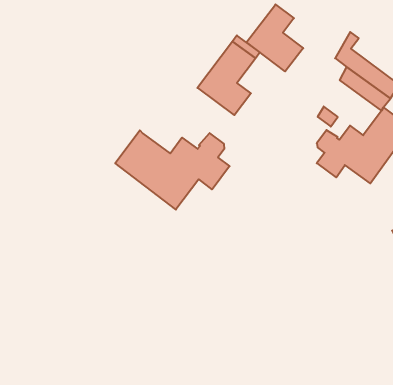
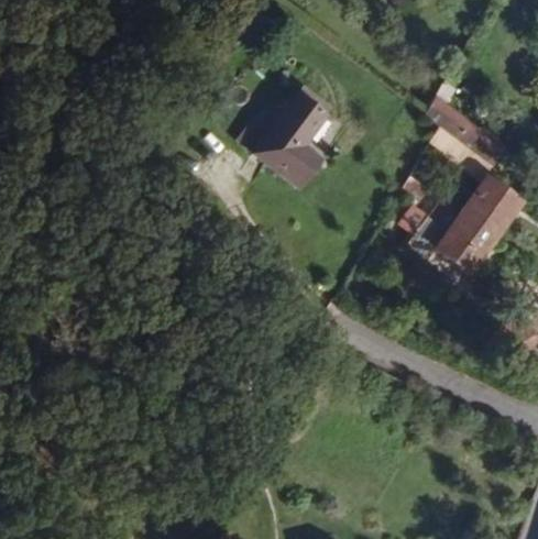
building: [246,4,303,71] -> none
building: [115,130,230,210] -> none

